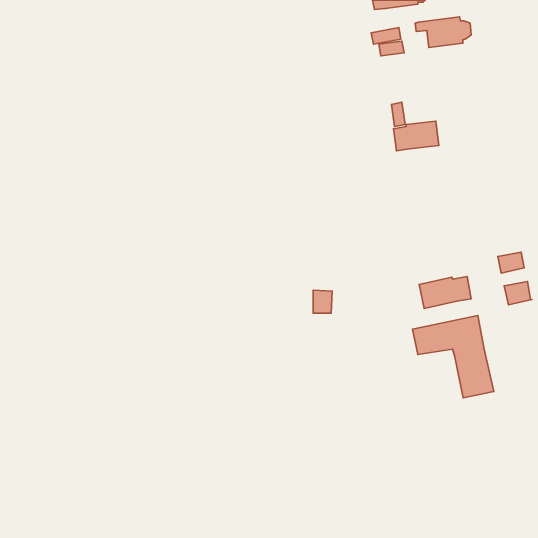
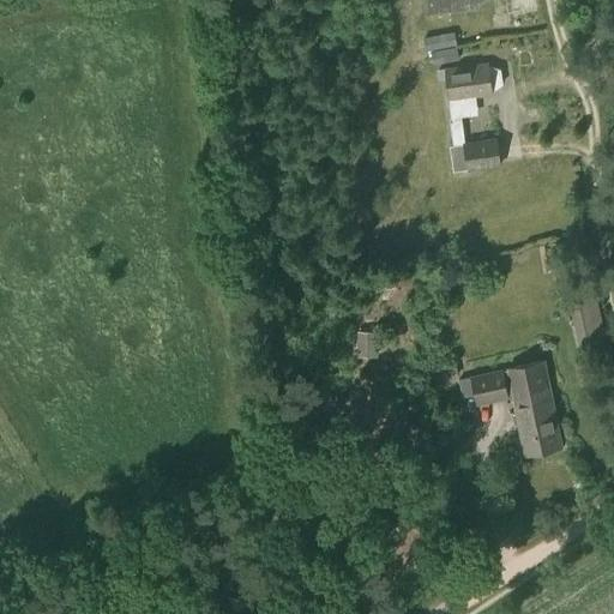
building: [415,17,471,47] -> [437,64,500,98]
building: [419,277,471,308] -> none

